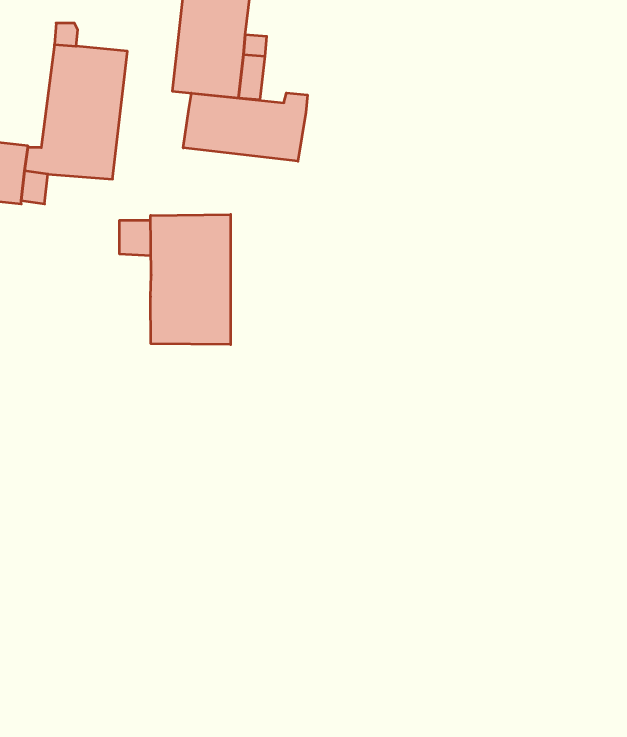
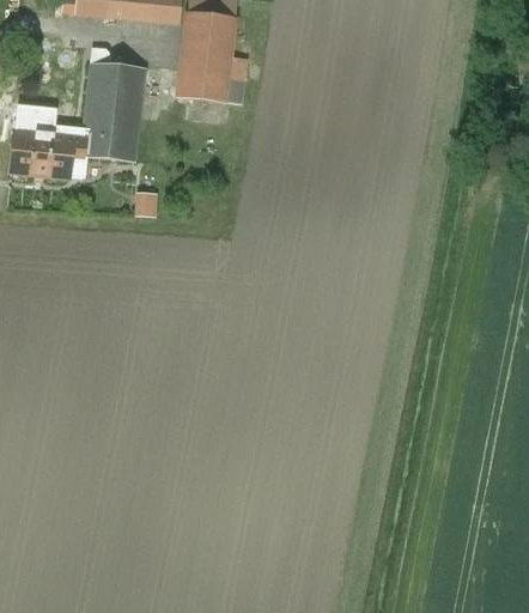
building: [183,93,307,161] -> none
building: [151,214,231,345] -> none

